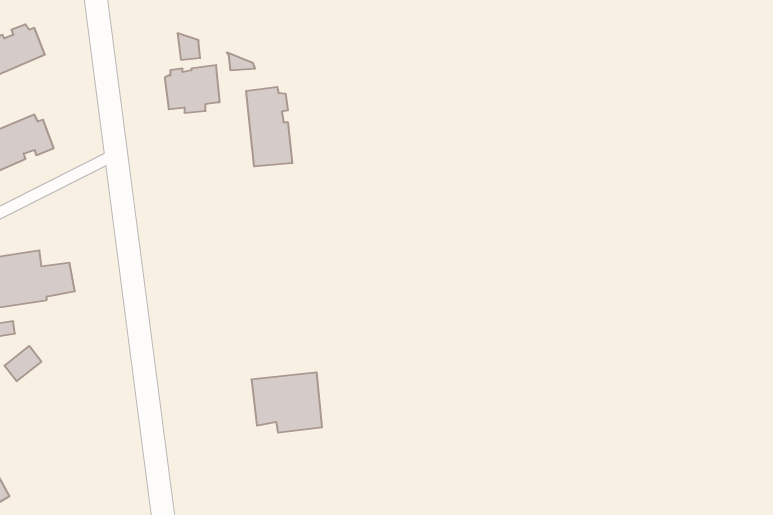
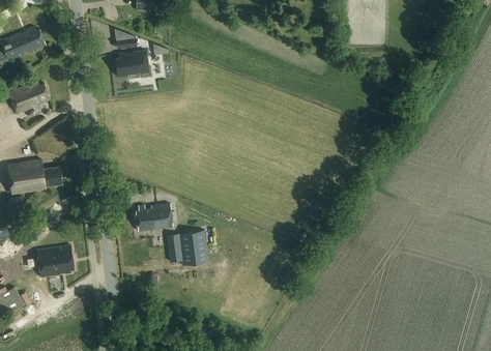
building: [246,87,292,167] -> none
building: none -> [135,204,171,230]
building: none -> [34,246,73,279]

